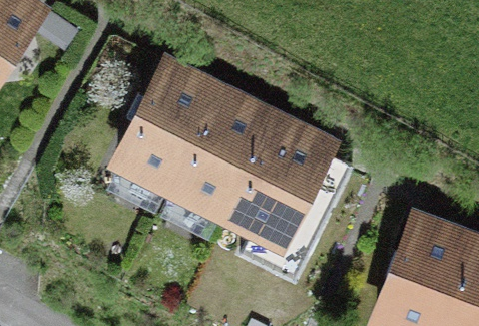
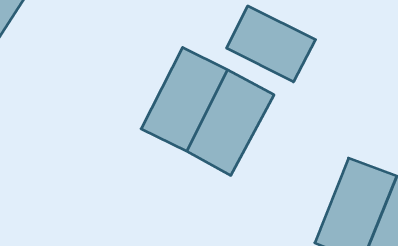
building: none -> [227,6,316,82]
building: [118,60,220,182] -> none

